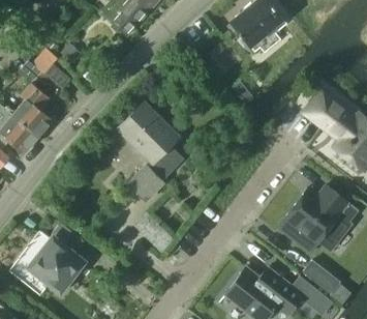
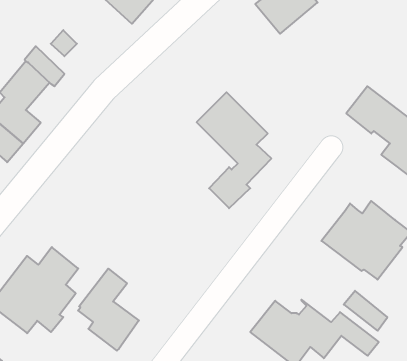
building: [119,104,181,200] -> [197,92,271,208]
building: none -> [78,269,139,351]

